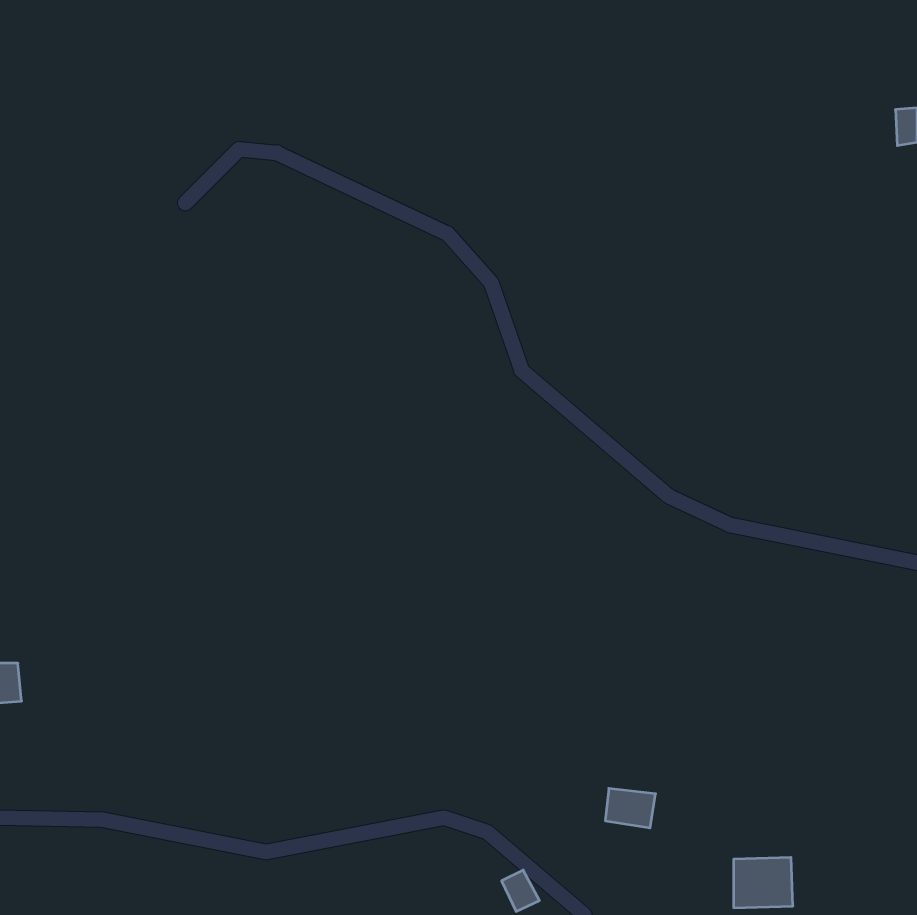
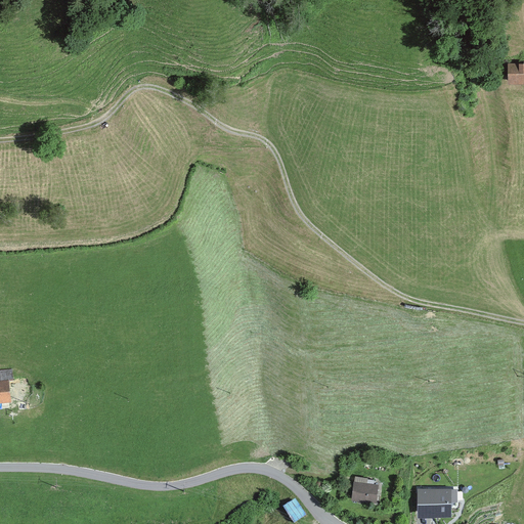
building: [605,788,656,828] -> [350,480,379,503]

